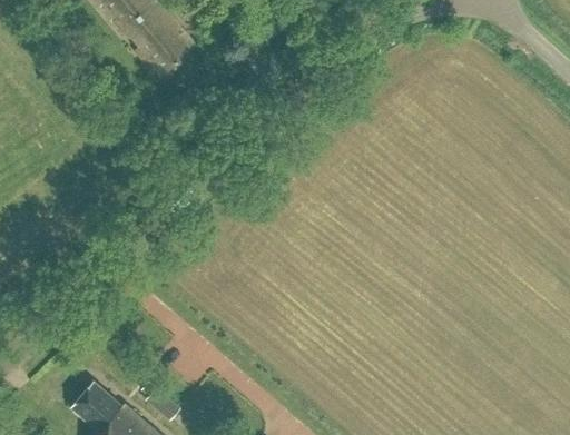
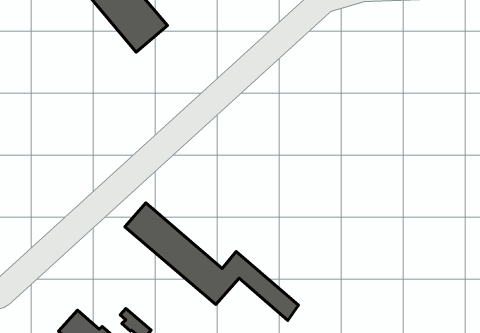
building: none -> [125,203,299,320]

